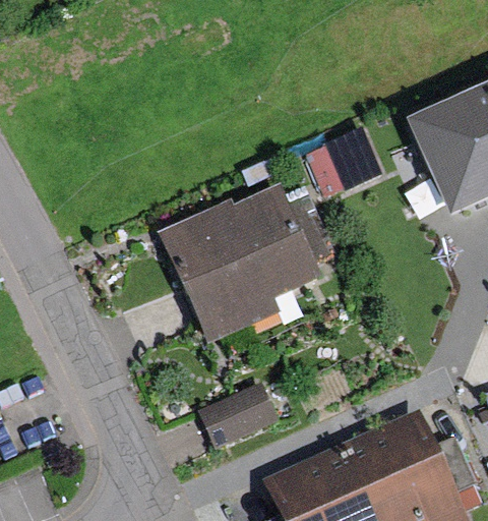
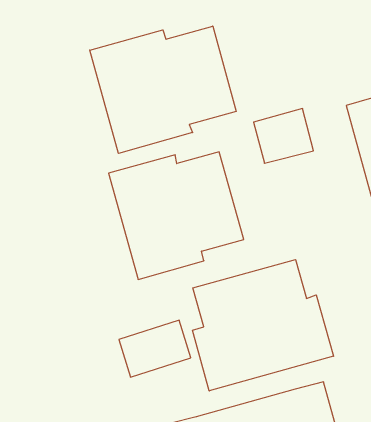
building: none -> [90,26,236,153]
building: none -> [193,260,334,391]

